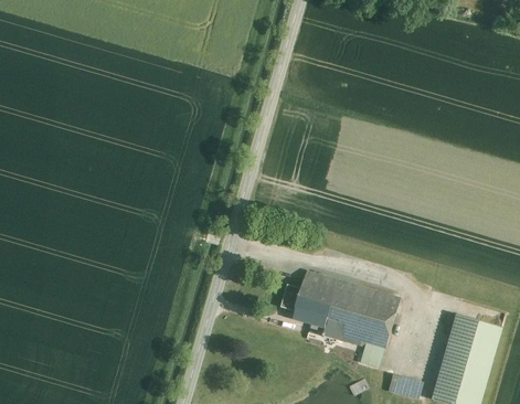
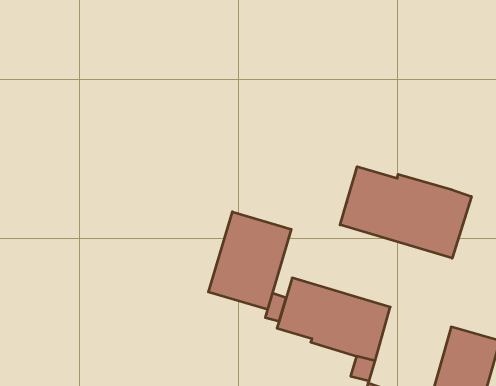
building: none -> [340,167,471,258]
building: none -> [208,212,291,310]

